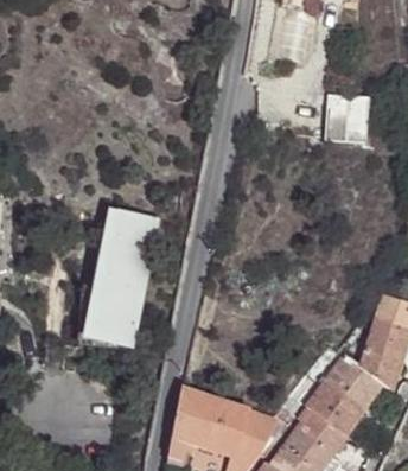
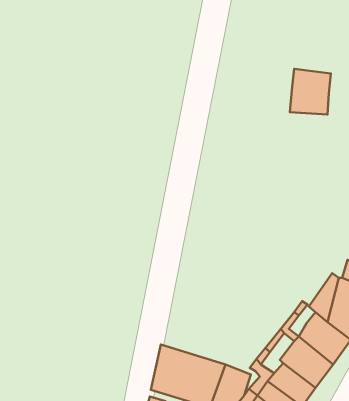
building: [72,205,158,349] -> none

